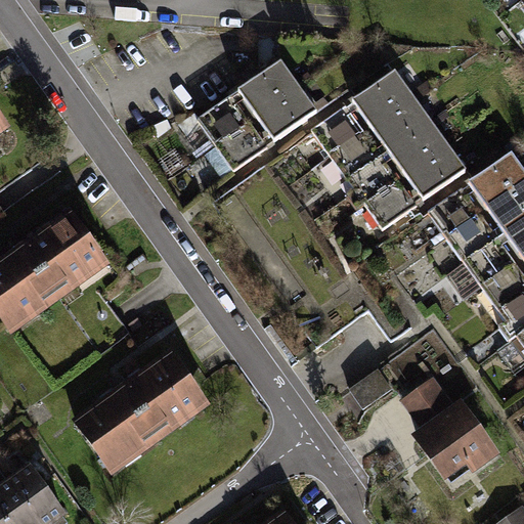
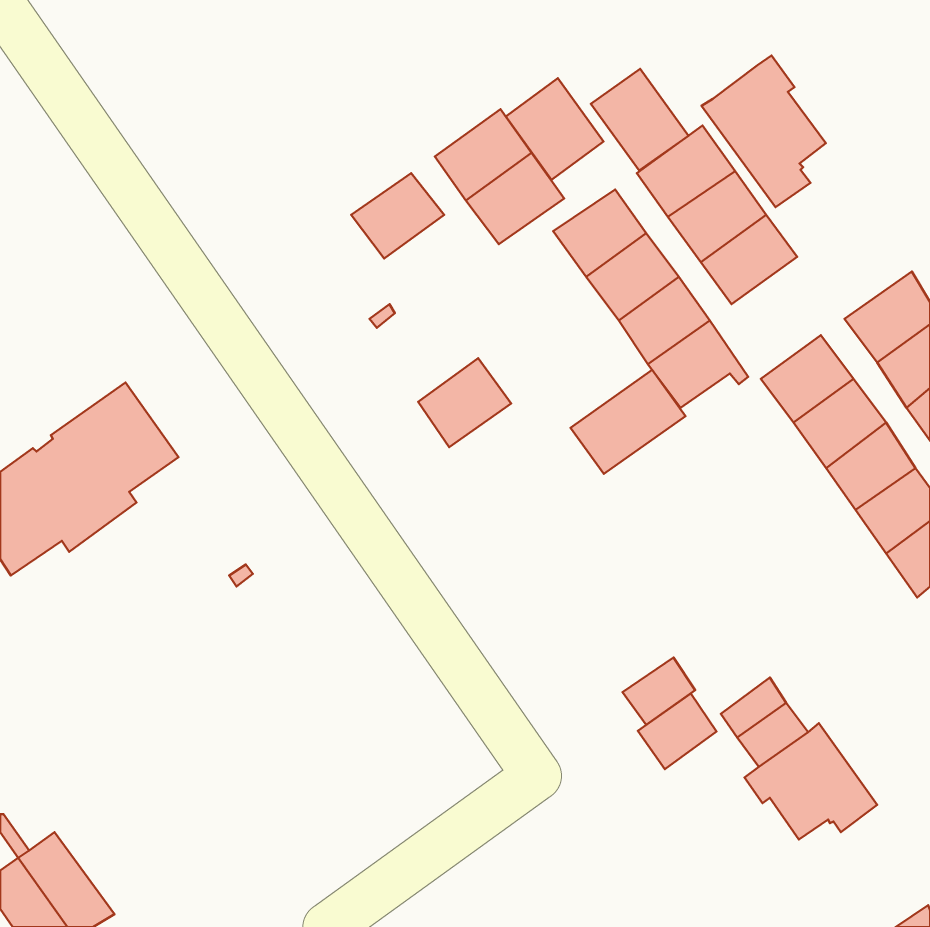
building: none -> [701,56,826,207]
building: none -> [591,69,688,171]
building: none -> [506,78,604,180]
building: [216,121,268,171] -> [418,358,511,447]
building: [411,144,466,196] -> none
building: none -> [571,370,685,474]
building: [77,355,201,465] -> none
building: none -> [638,693,716,769]

